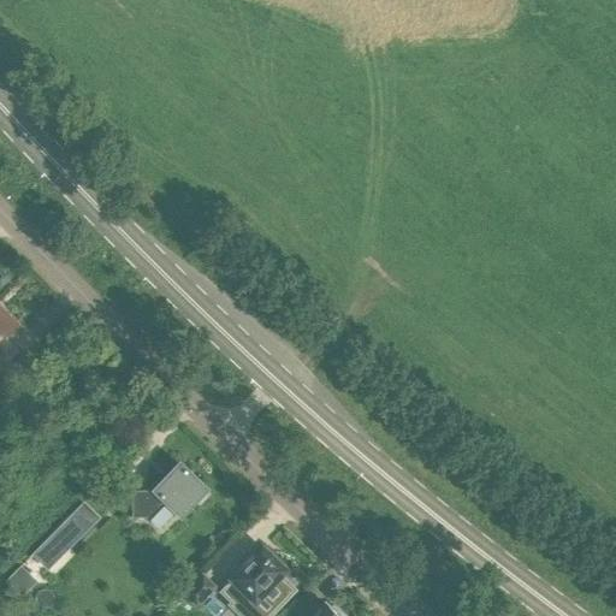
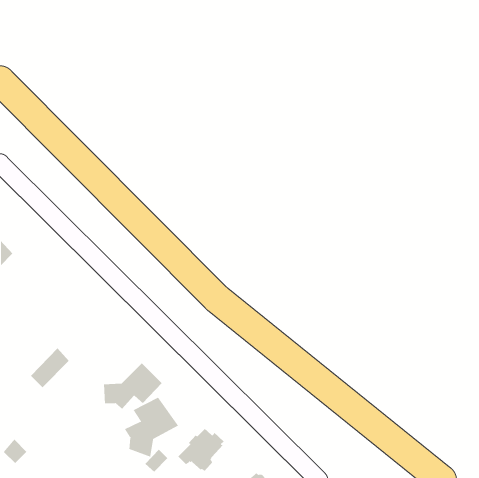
building: [38,509,89,561] -> [30,348,70,388]
building: none -> [124,397,179,458]

